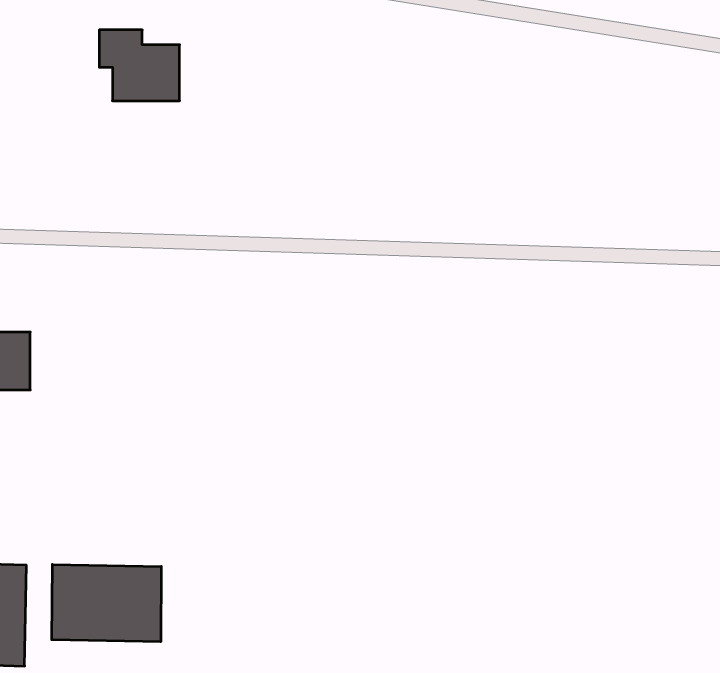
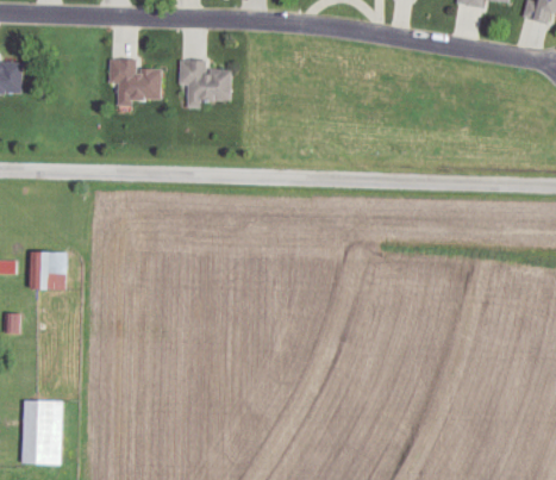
building: none -> [179,60,231,105]
building: [52,564,161,642] -> none

